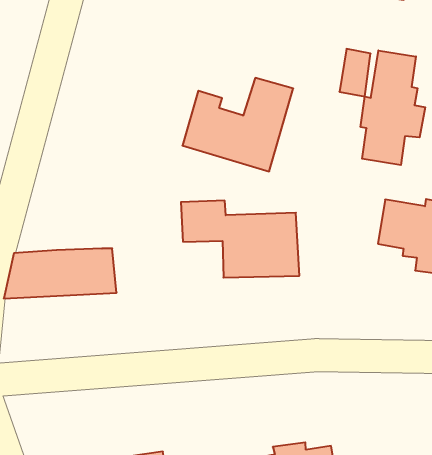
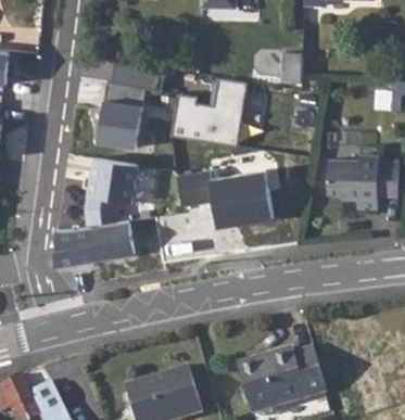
building: none -> [100,55,167,143]
building: [361,50,425,165] -> none
building: none -> [86,156,139,226]

